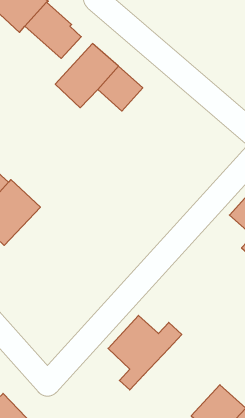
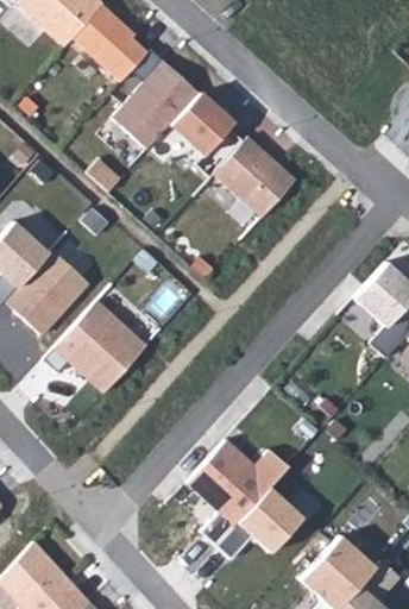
building: none -> [214,138,296,219]
building: none -> [45,297,150,394]
building: none -> [215,482,302,551]

